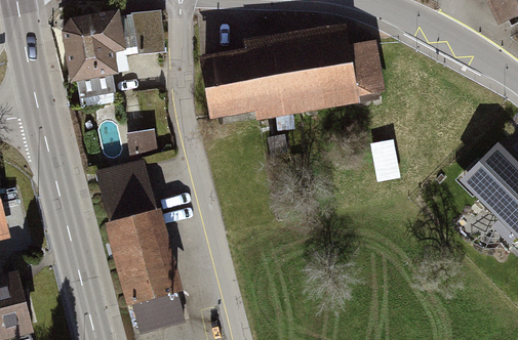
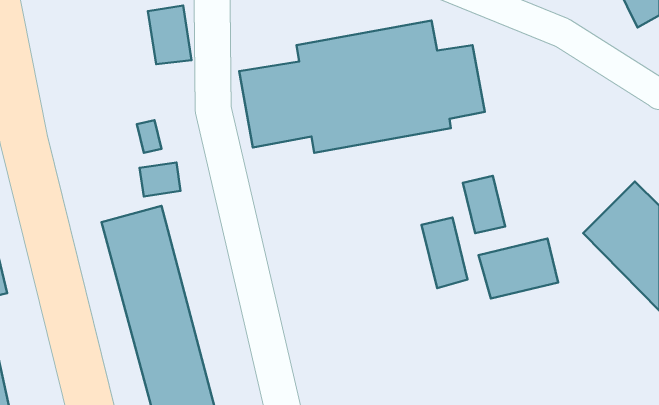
building: [67,15,124,98] -> none
building: none -> [422,218,467,288]
building: none -> [479,239,558,299]

